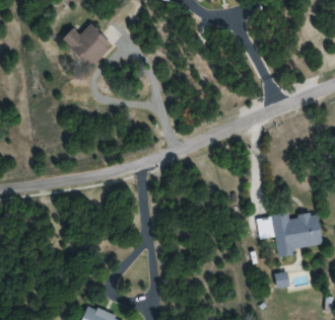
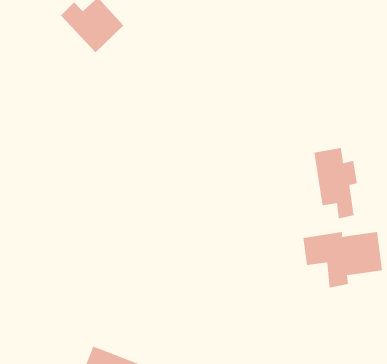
building: none -> [314,147,358,219]

